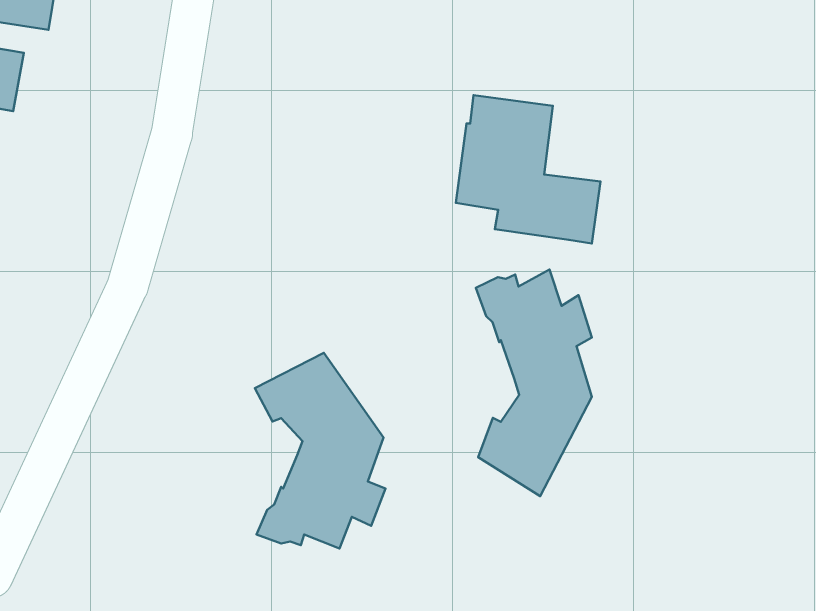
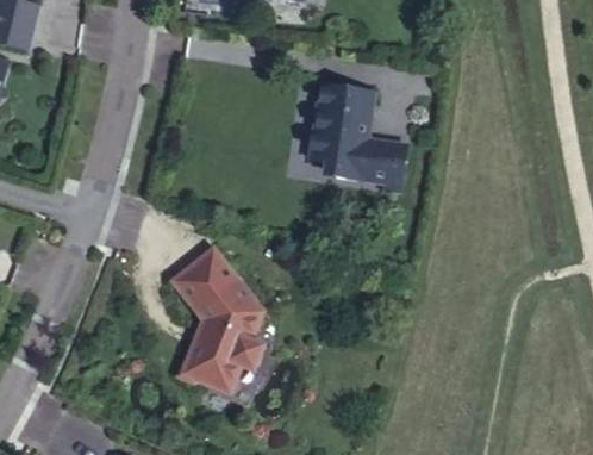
building: [476,269,592,496] -> none

